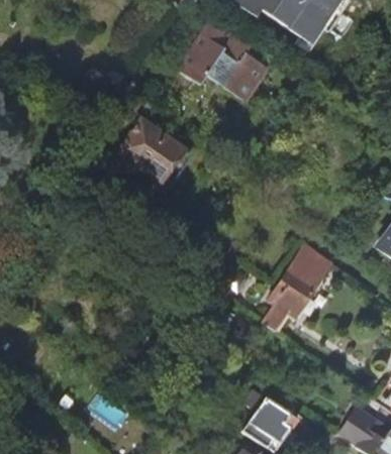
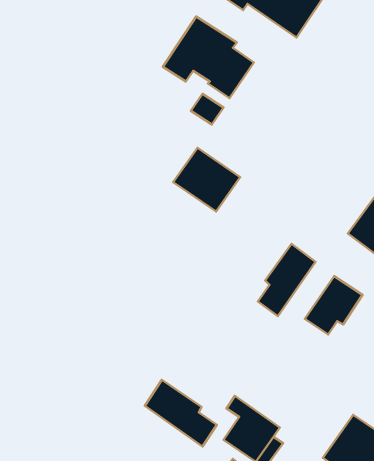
building: [119,118,184,180] -> [173,148,240,212]
building: none -> [305,276,363,334]
building: none -> [145,380,217,446]

